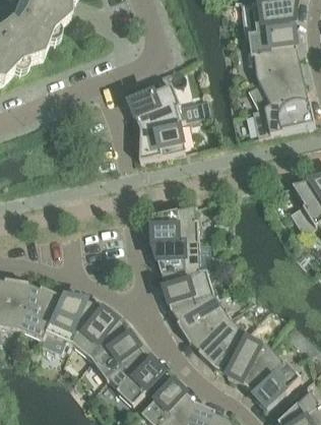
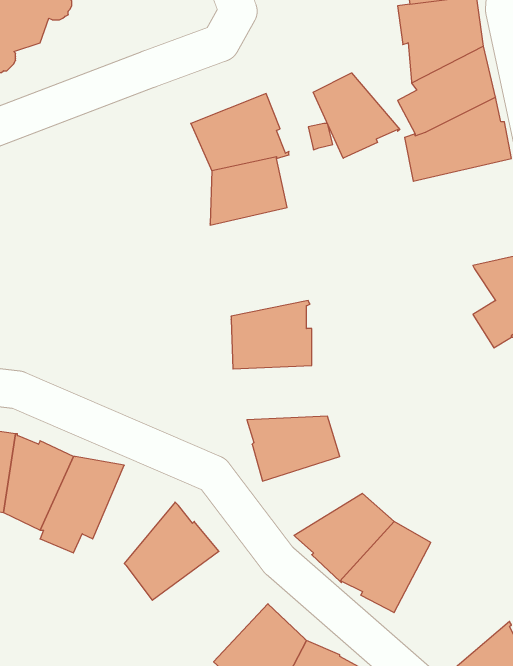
building: none -> [313,73,400,158]
building: [152,242,207,274] -> none
building: [170,295,228,341] -> none
building: [71,300,119,357] -> none
building: [246,345,300,408] -> none
building: [106,350,165,406] -> none

